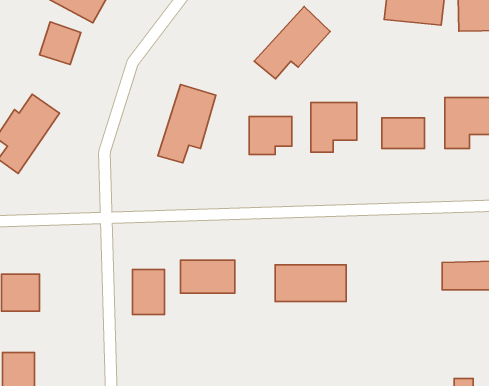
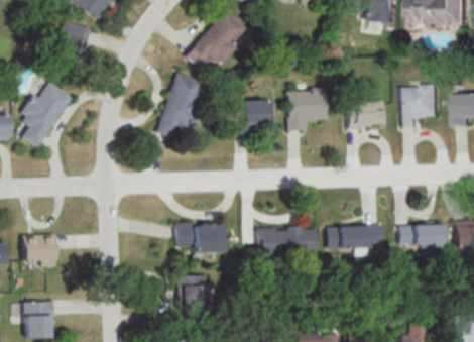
building: [254,7,330,79] -> [184,10,248,72]
building: none -> [326,224,383,251]
building: [132,270,164,315] -> [179,275,206,314]

